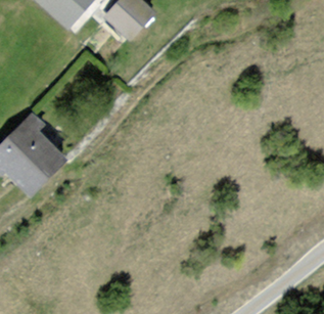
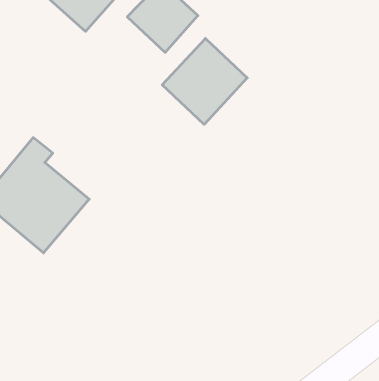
building: none -> [162,38,247,124]

